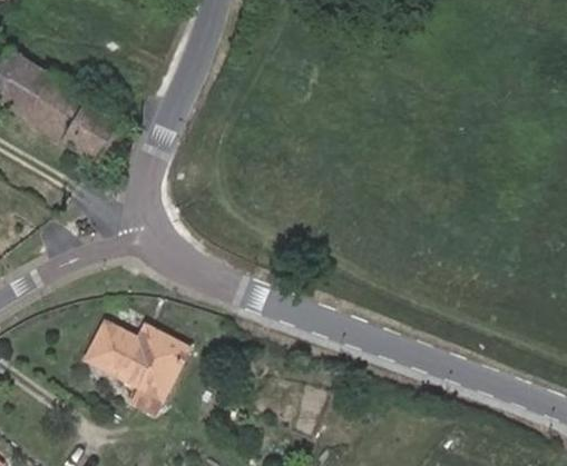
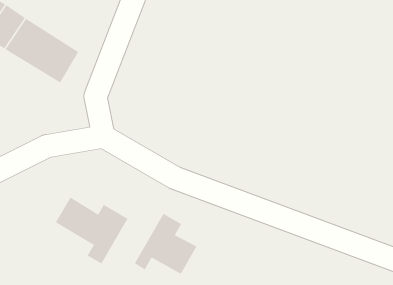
building: none -> [134,213,198,275]

